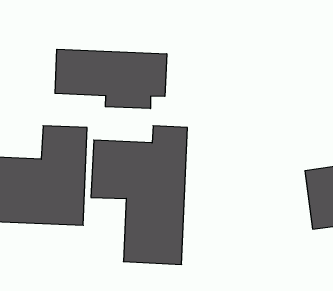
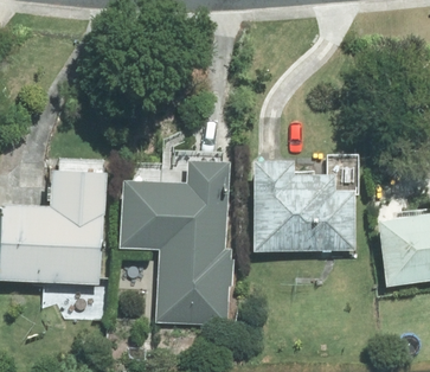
building: [55,49,167,109] -> none
building: none -> [252,158,358,255]

